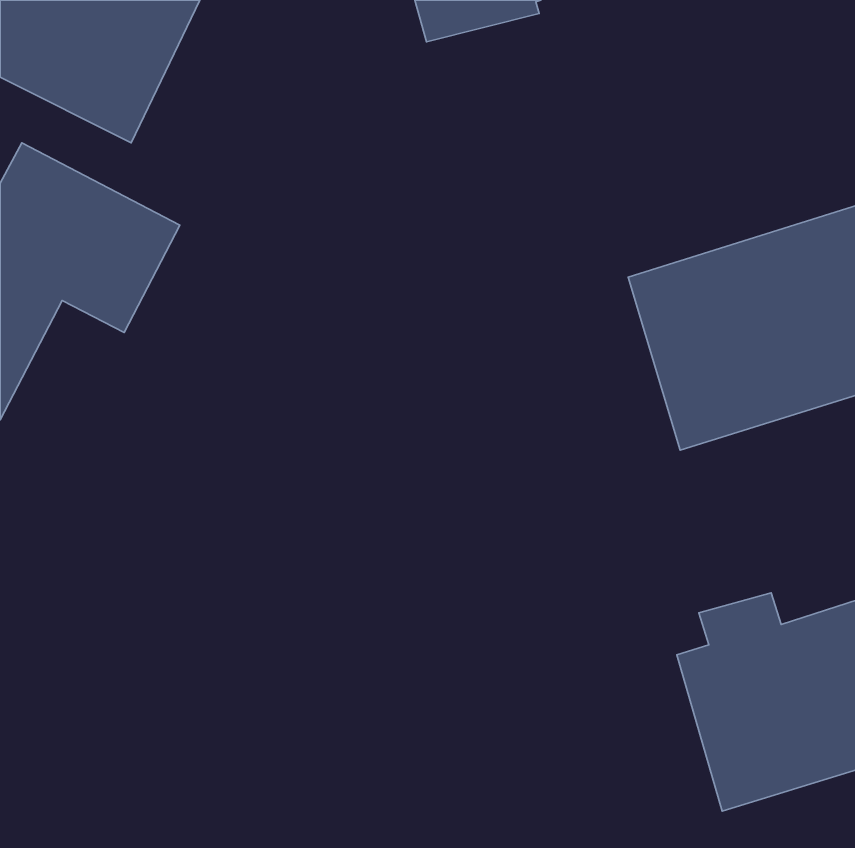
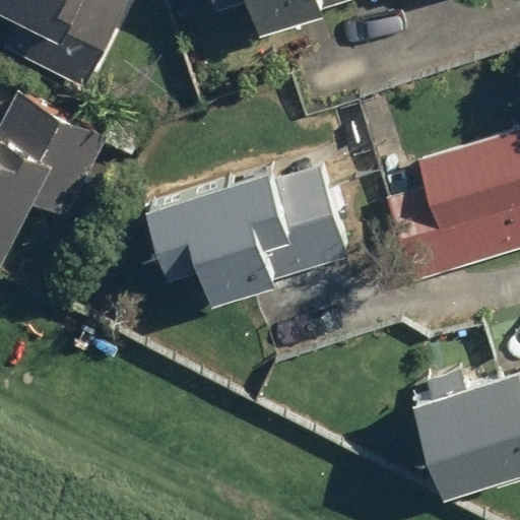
building: none -> [140,164,352,308]

